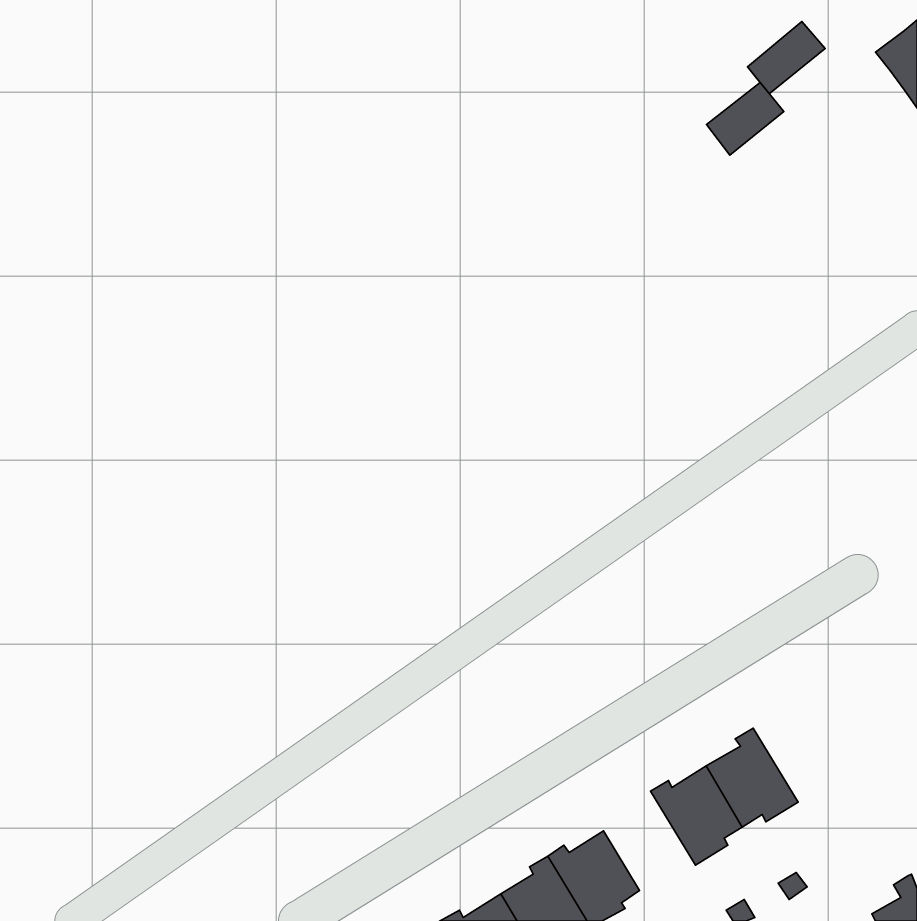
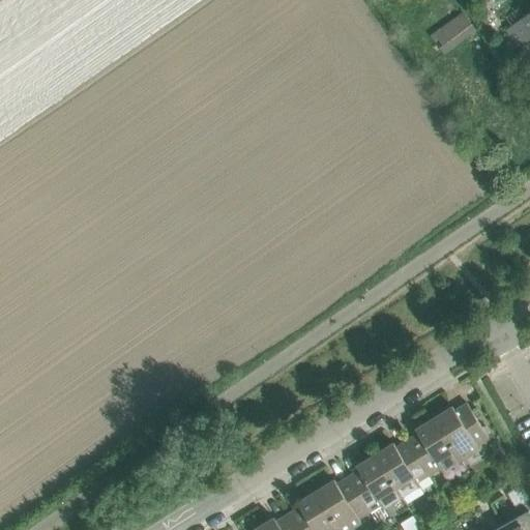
building: [706,83,784,155] -> none
building: none -> [433,404,488,461]
building: none -> [347,454,400,523]

